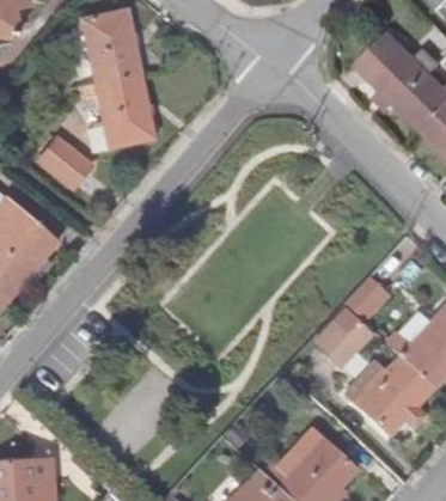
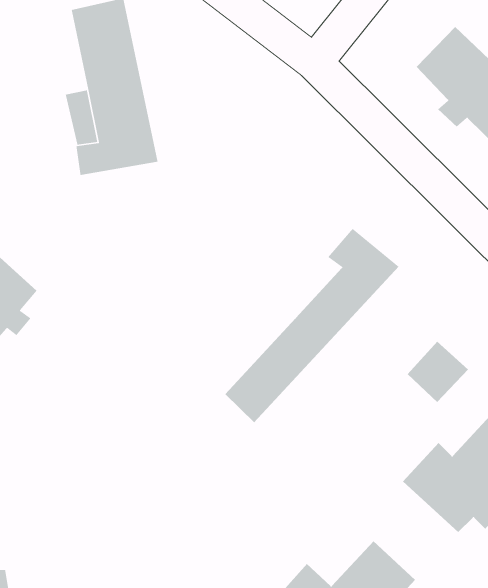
building: [39,140,91,188] -> none
building: none -> [225,228,400,423]
building: [314,310,369,366] -> none

